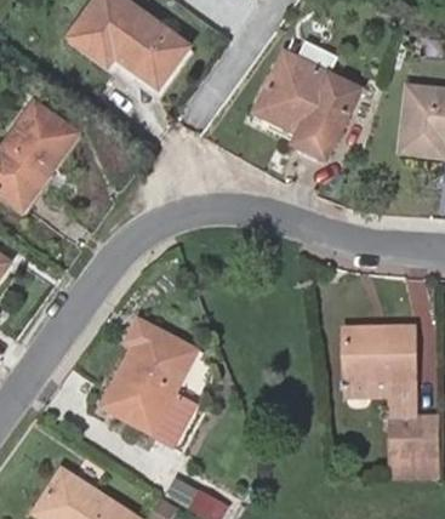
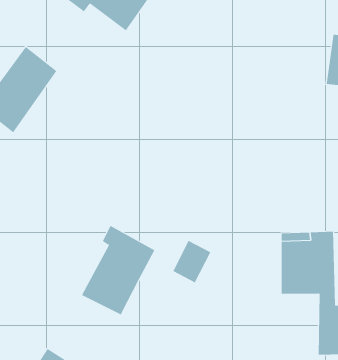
building: [257,52,359,158] -> none
building: [155,387,202,439] -> [172,240,211,283]

